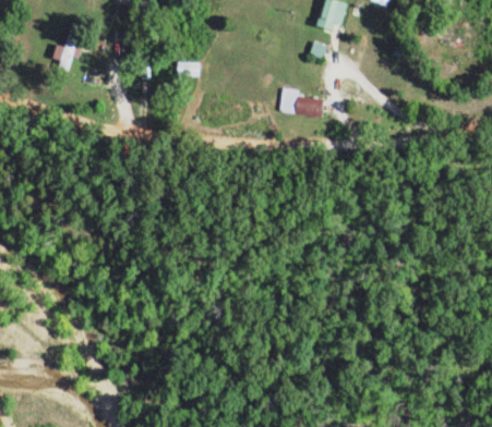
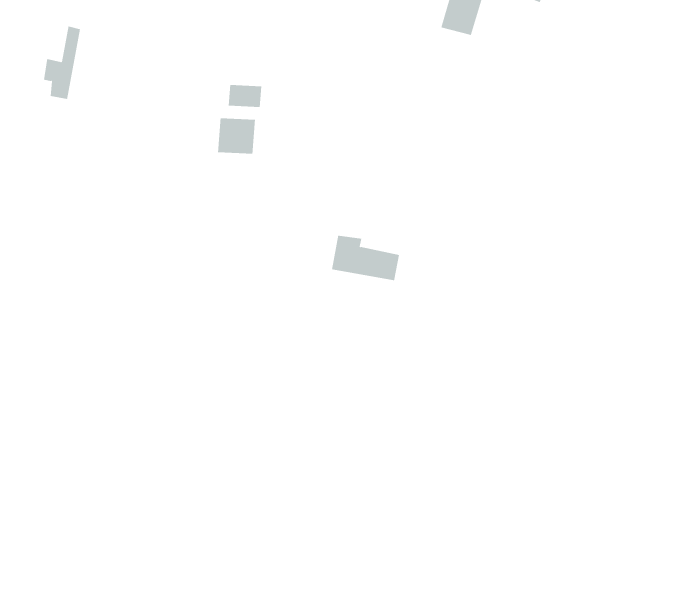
building: none -> [217,117,255,155]
building: [278,88,324,119] -> [331,235,400,281]

